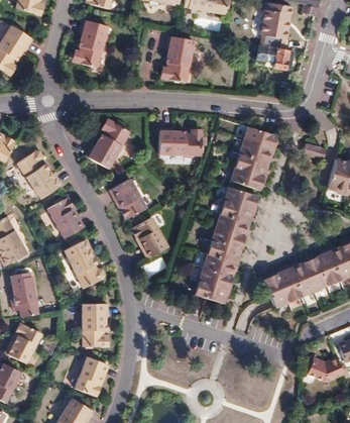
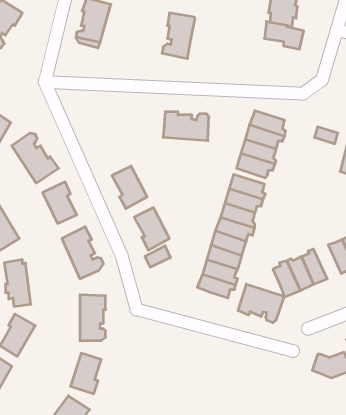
building: [87,120,131,169] -> none
building: [303,255,329,288] -> none
building: none -> [238,284,284,323]

